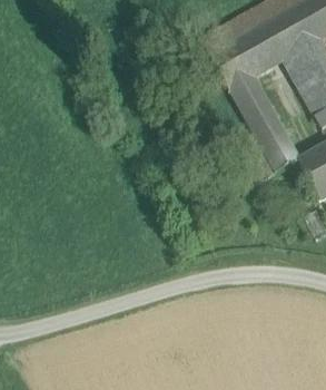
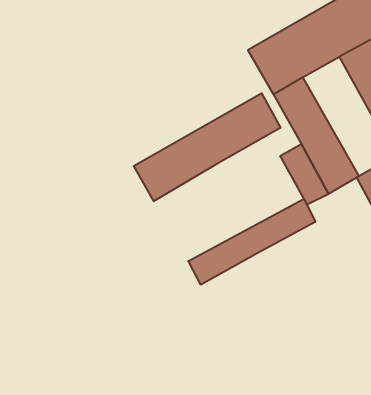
building: none -> [134,93,280,201]
building: none -> [188,199,315,285]

